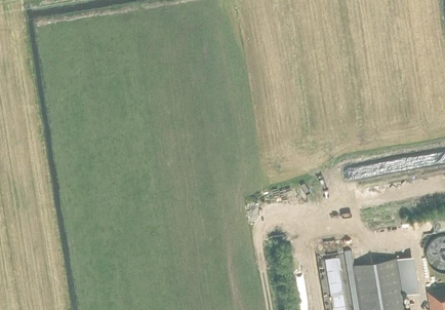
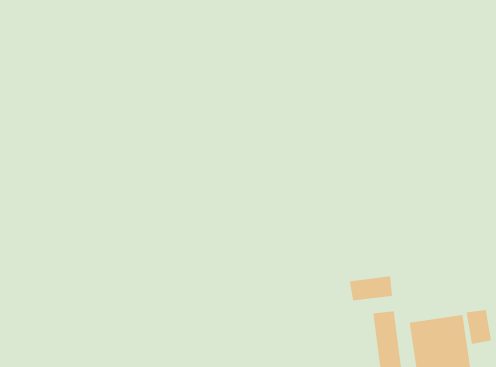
building: none -> [349,275,392,301]

